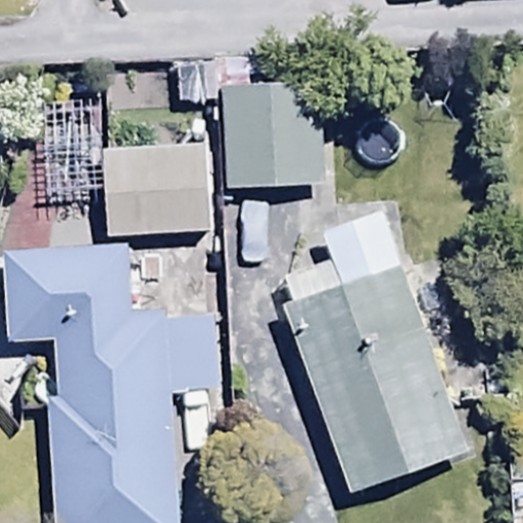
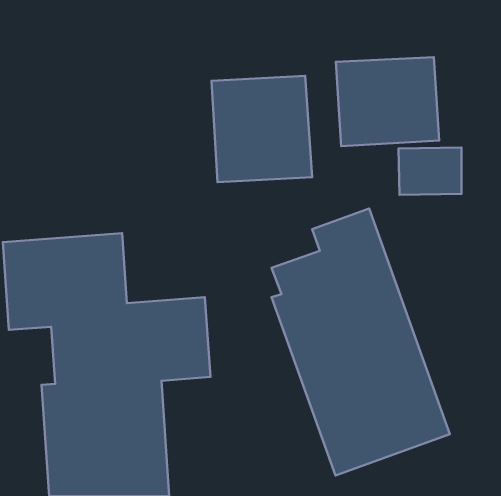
building: none -> [336,57,439,146]
building: [105,146,213,235] -> none

